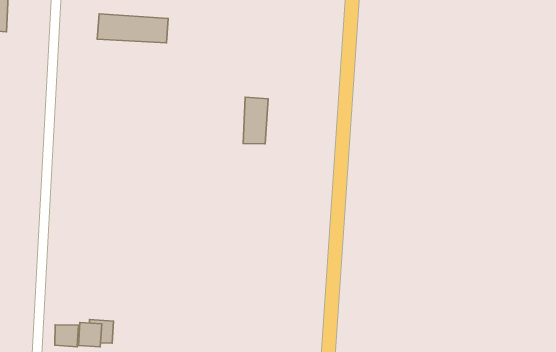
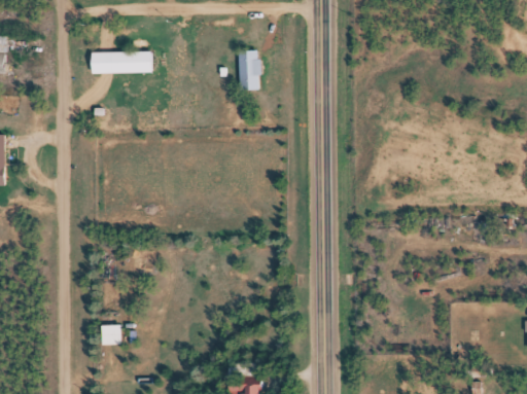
building: [243,97,268,144] -> [237,48,257,89]
building: [55,325,79,347] -> none

